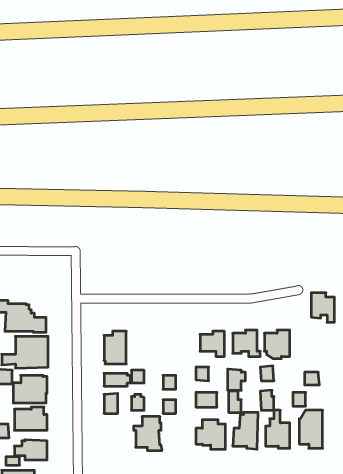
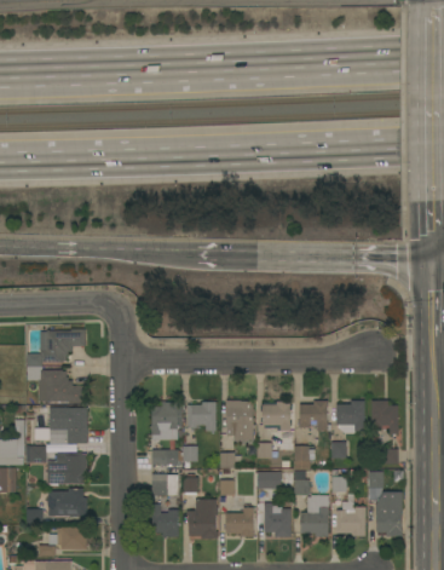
building: none -> [40,329,86,362]
building: [311,293,334,322] -> [371,401,398,434]
building: none -> [226,401,254,441]
building: none -> [188,402,217,431]
building: none -> [152,505,179,537]
building: none -> [225,507,254,536]

